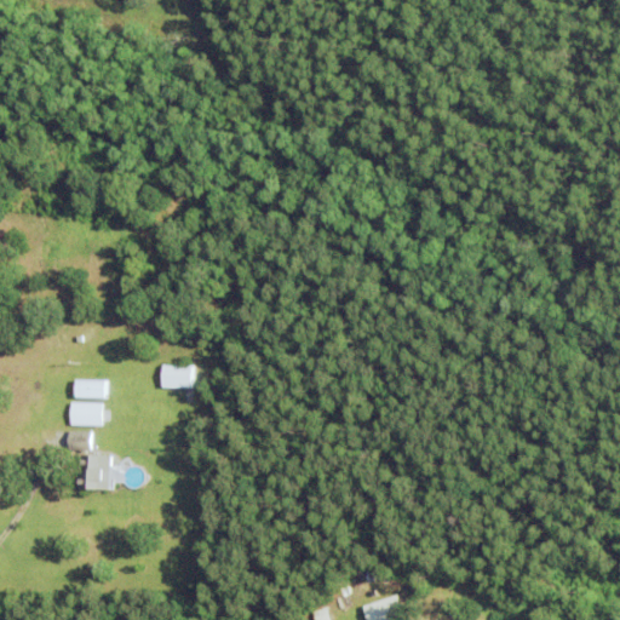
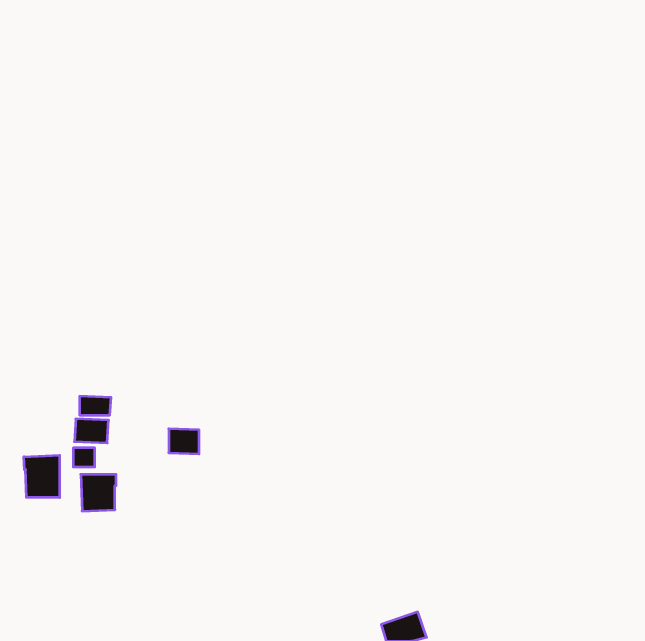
building: [163,364,193,389] -> [169,429,199,454]
building: none -> [24,455,60,498]

